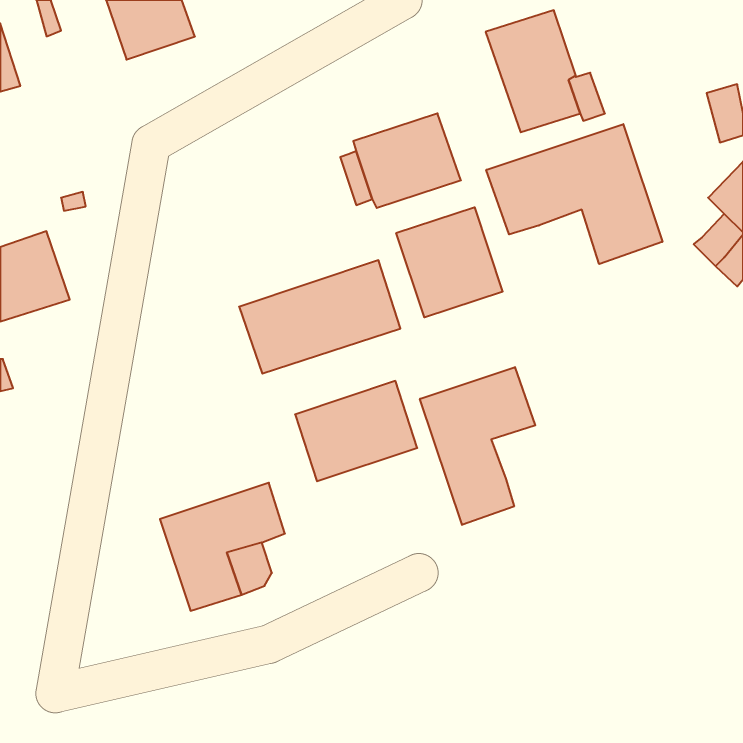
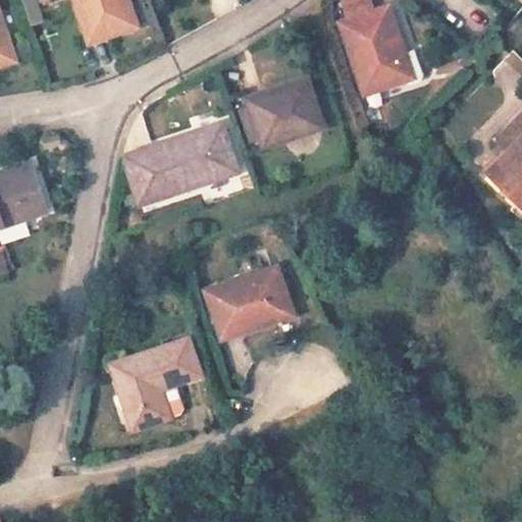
building: [486,124,662,264] -> none
building: [396,207,503,317] -> none
building: [239,260,400,374] -> [124,123,238,203]
building: [420,367,535,525] -> none

